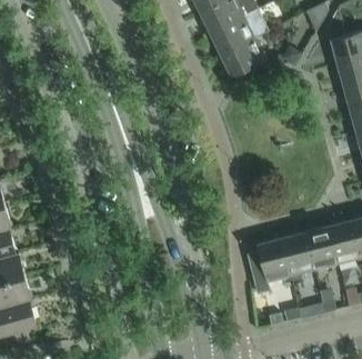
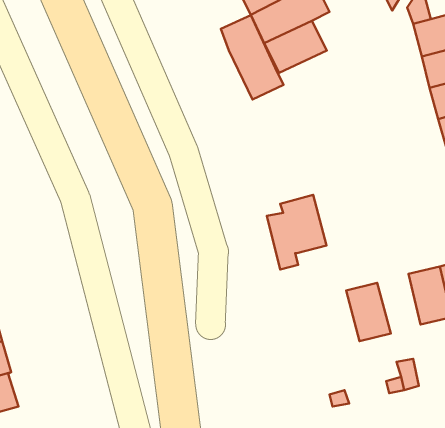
building: none -> [221,15,284,100]
building: [304,226,336,270] -> none
building: [247,238,291,293] -> [267,195,326,269]

